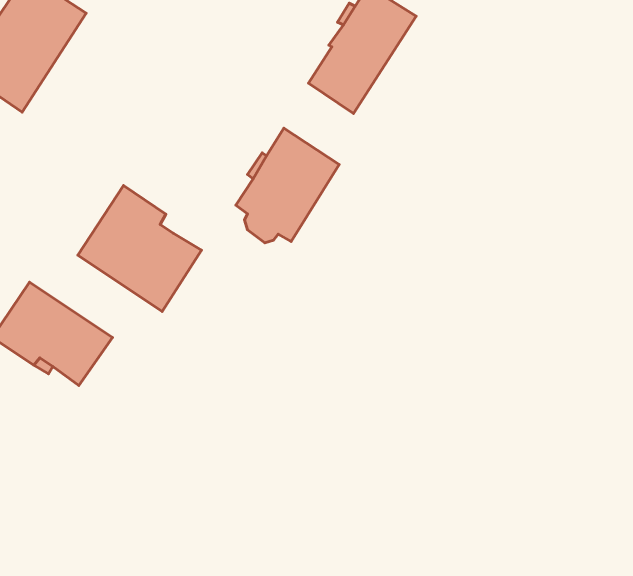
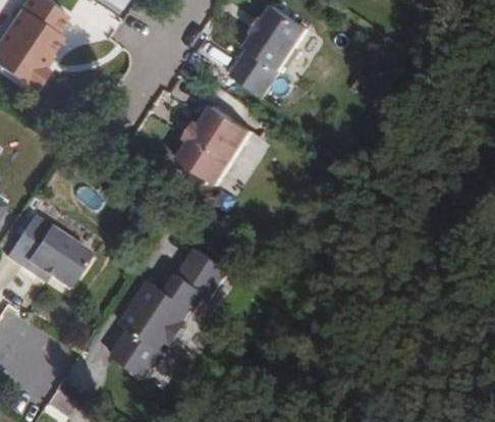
building: [78,186,201,311] -> none
building: none -> [114,249,225,387]

